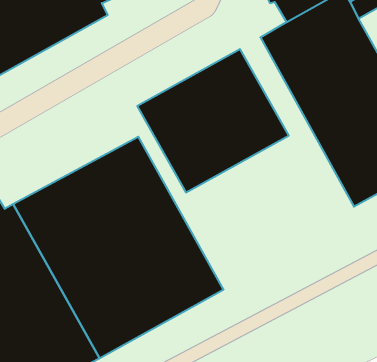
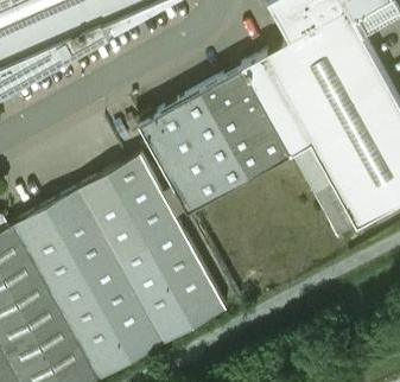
building: none -> [243,56,357,237]

